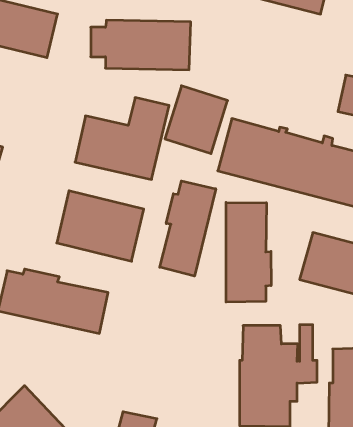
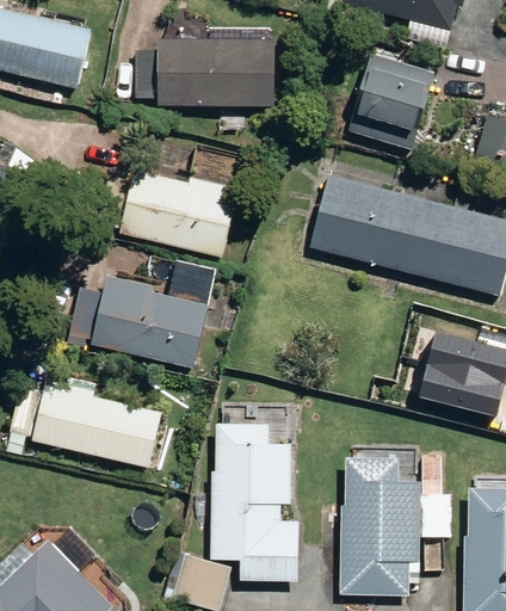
building: [165,86,228,154] -> [346,54,432,147]
building: [160,181,216,276] -> none
building: [226,202,271,302] -> none
building: none -> [212,424,297,581]

